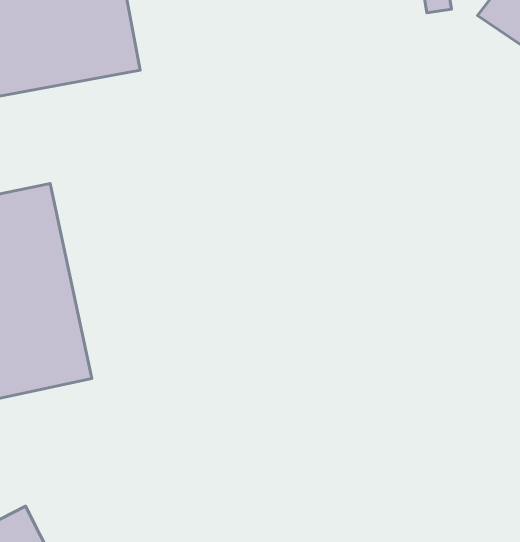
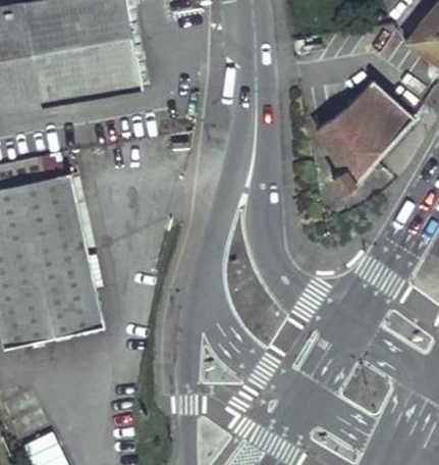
building: none -> [314,82,411,196]

